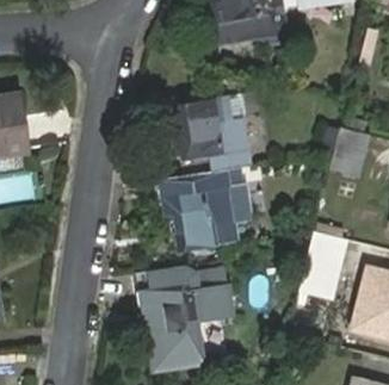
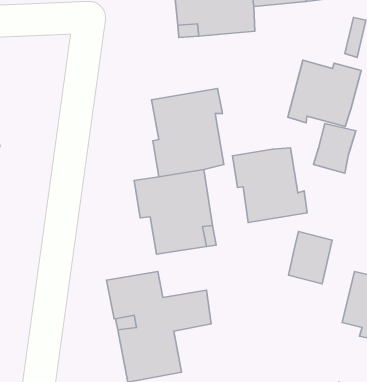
building: none -> [288,60,361,126]
building: none -> [233,148,307,222]

